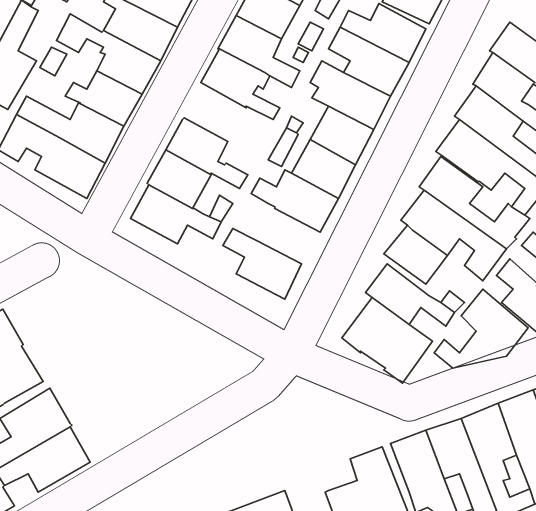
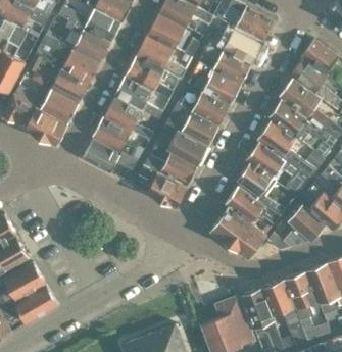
building: none -> [114,77,162,120]
building: none -> [145,153,197,188]

